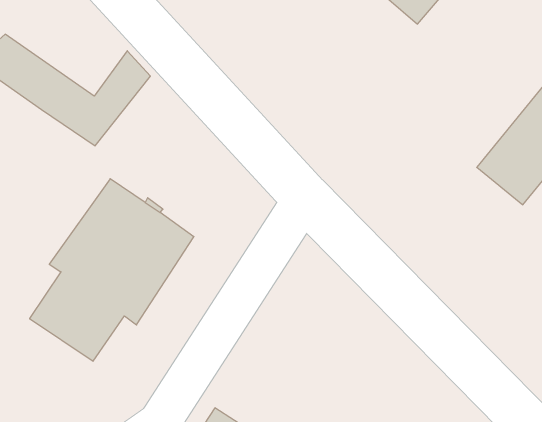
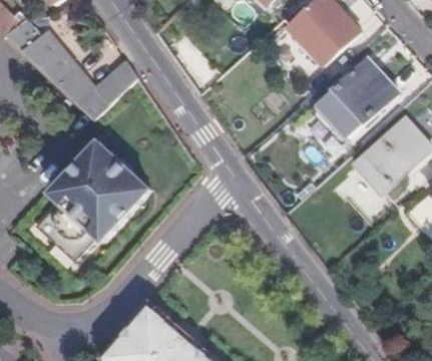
building: none -> [315,63,393,140]

